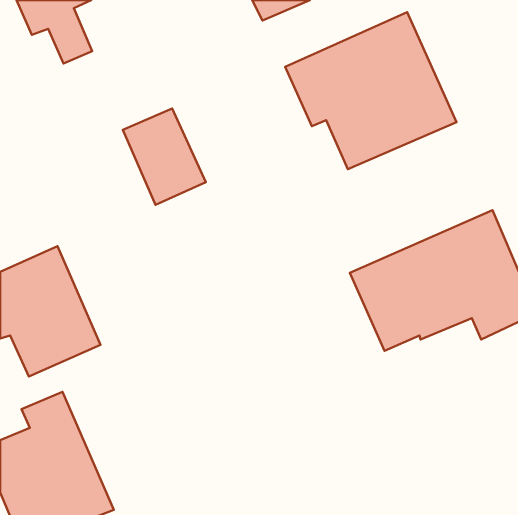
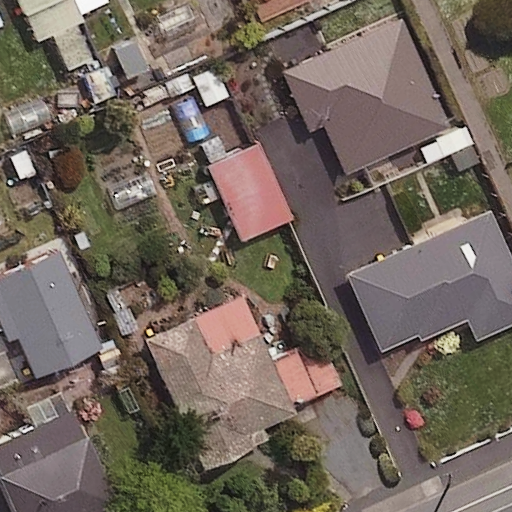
building: [123,108,206,205] -> [210,147,291,241]
building: none -> [145,296,340,466]

